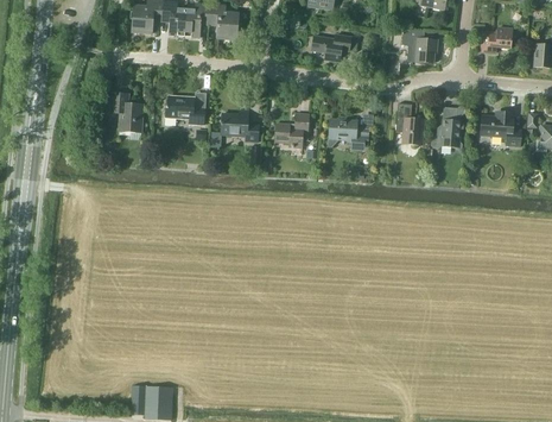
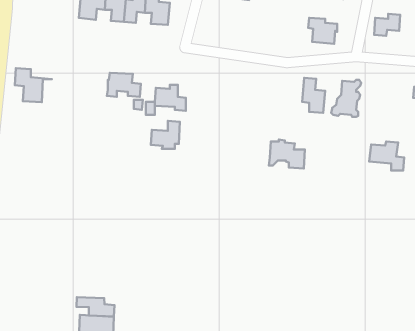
building: [311,34,350,62] -> none
building: [109,92,153,132] -> [15,68,52,102]
building: [480,111,521,145] -> [369,142,404,171]
building: [274,113,309,146] -> [151,121,180,149]
building: [326,115,369,150] -> [269,140,305,169]
building: none -> [76,297,114,316]

